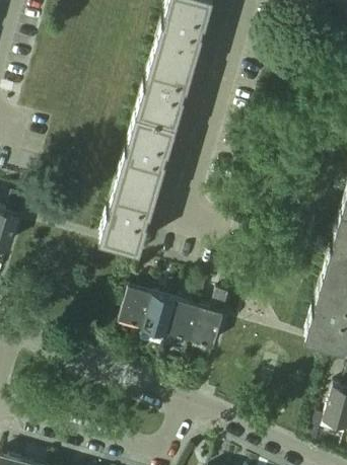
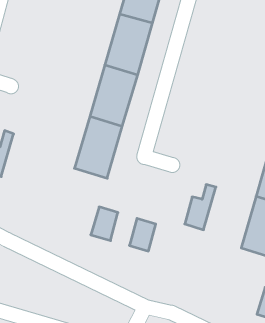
building: [191,293,229,348] -> [185,185,216,230]
building: [141,294,177,344] -> none

